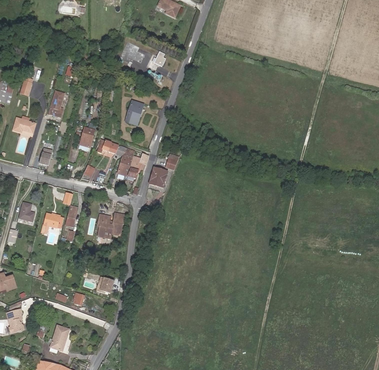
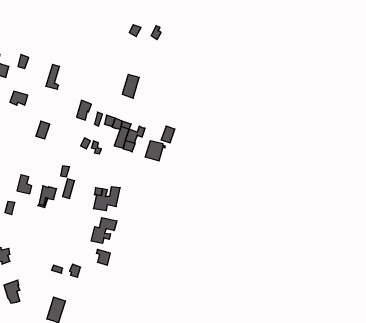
building: none -> [91,218,117,243]

